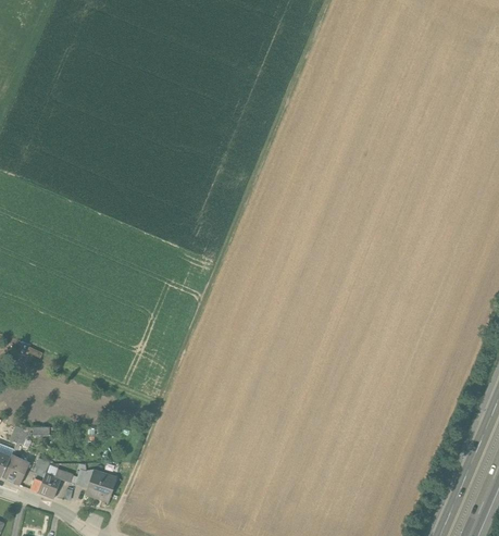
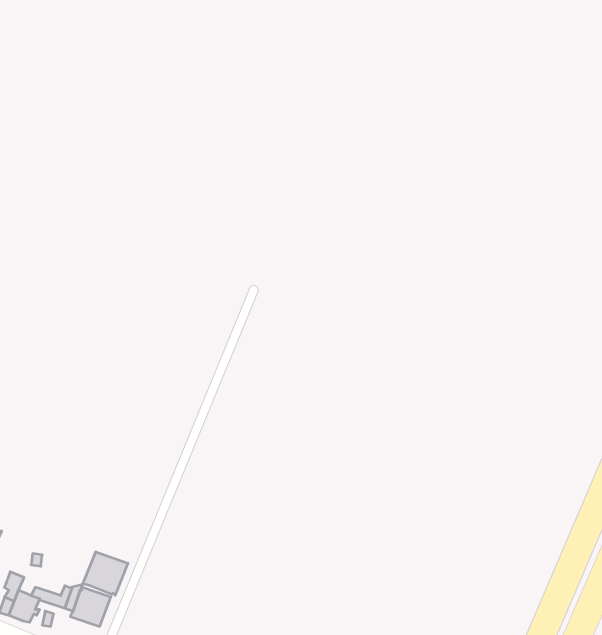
building: none -> [83,552,128,595]

